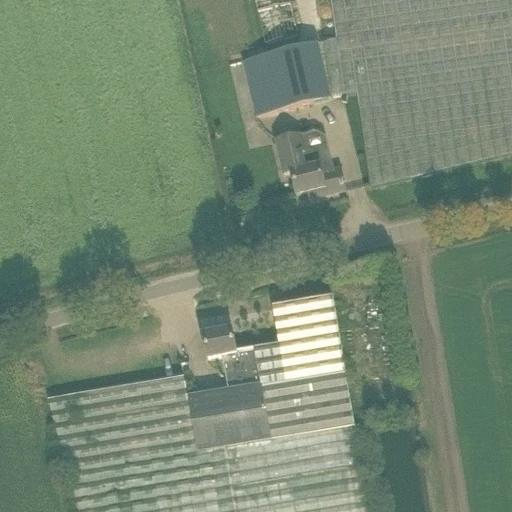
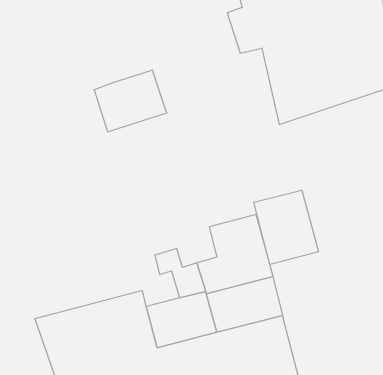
building: [244,43,331,114] -> [94,70,167,132]
building: [276,133,345,197] -> none
building: none -> [254,190,319,265]

